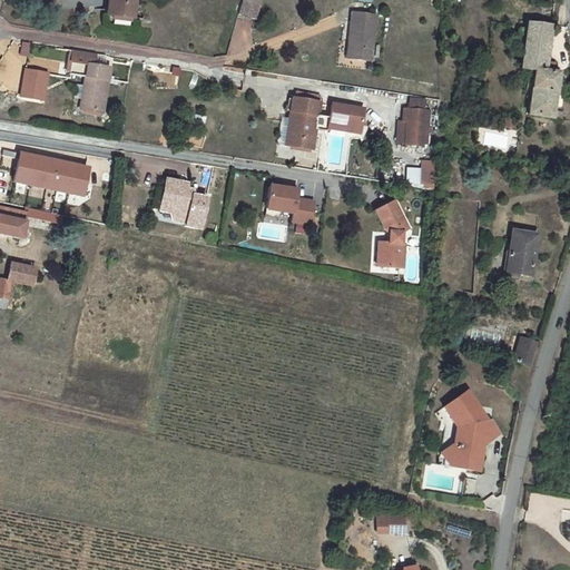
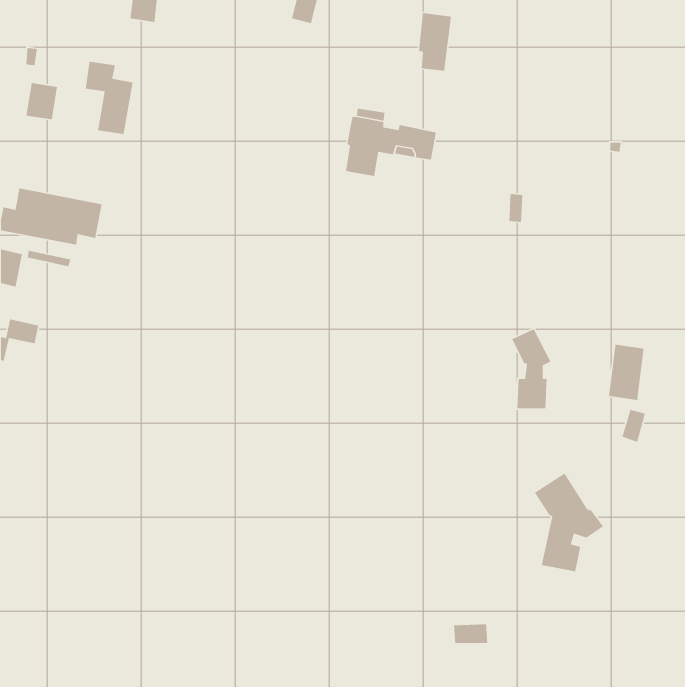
building: [517,22,564,118] -> none
building: [397,96,430,142] -> none
building: [160,177,208,227] -> none
building: [266,184,314,222] -> none
building: [376,199,410,266] -> [511,328,552,409]
building: [505,227,535,274] -> [608,344,644,401]

